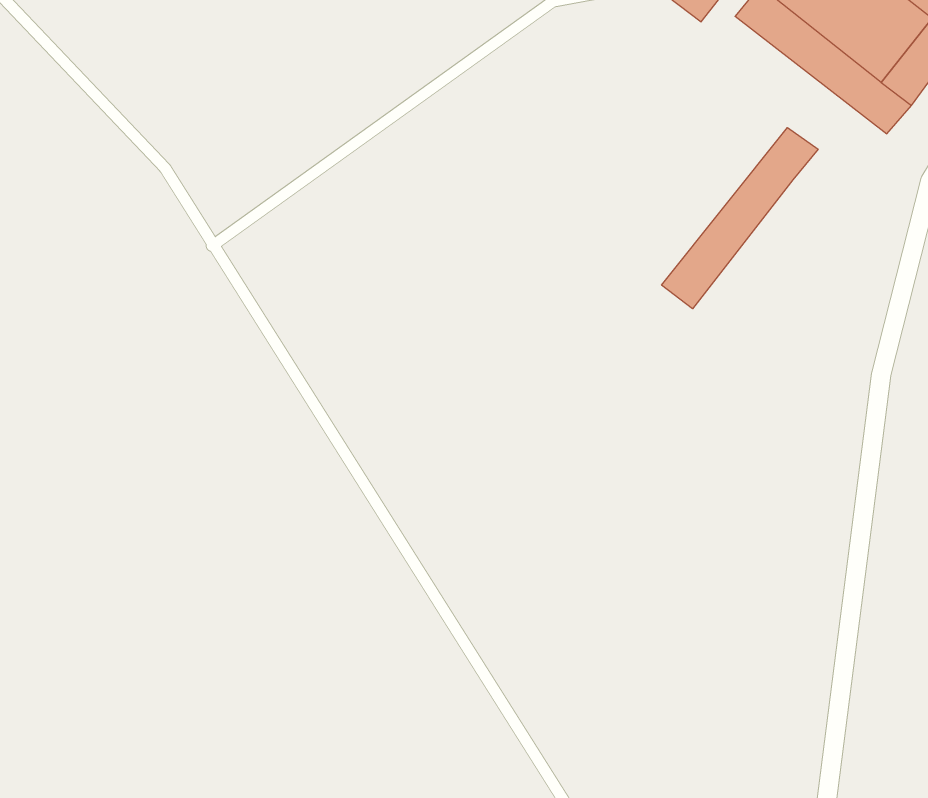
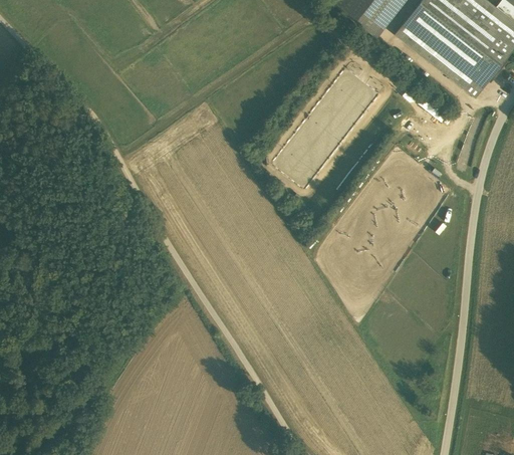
building: [662,128,818,309] -> none

